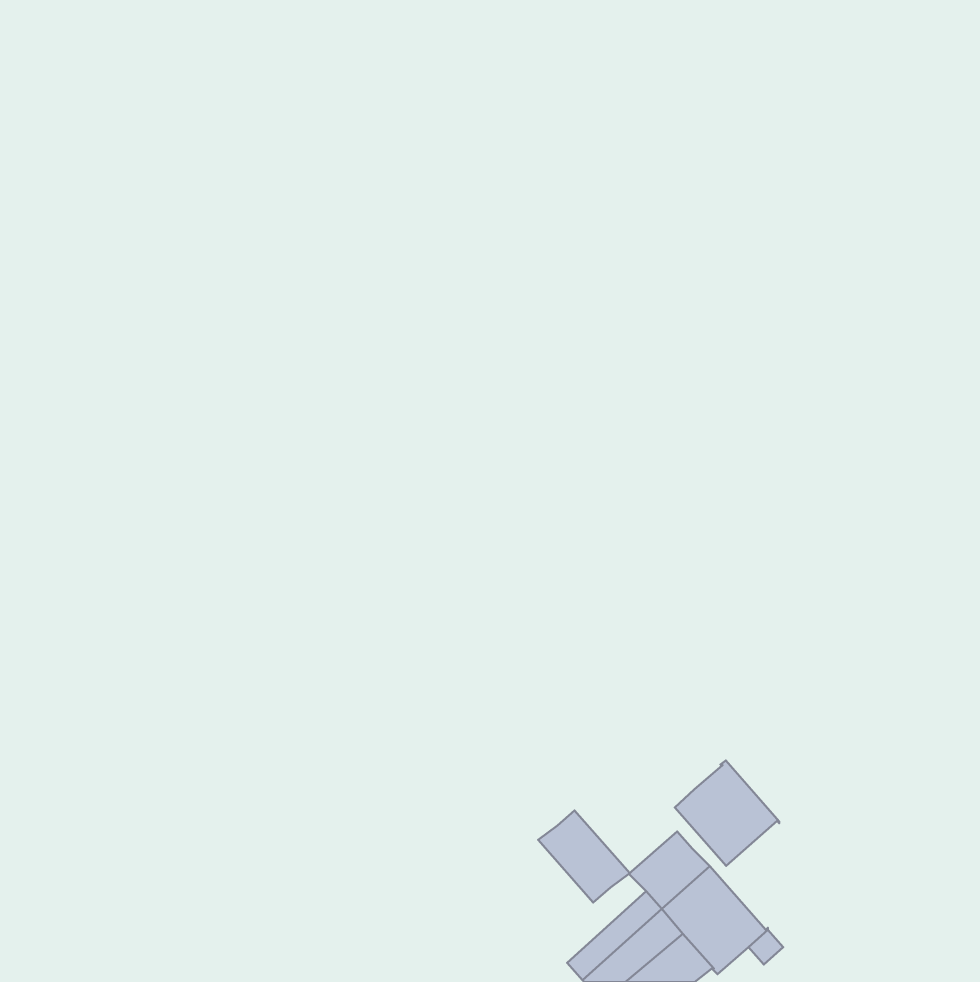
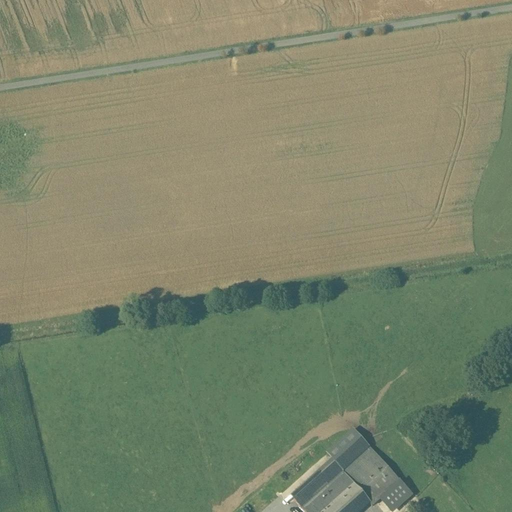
building: [675,761,779,866] -> none
building: [538,811,630,902] -> none

